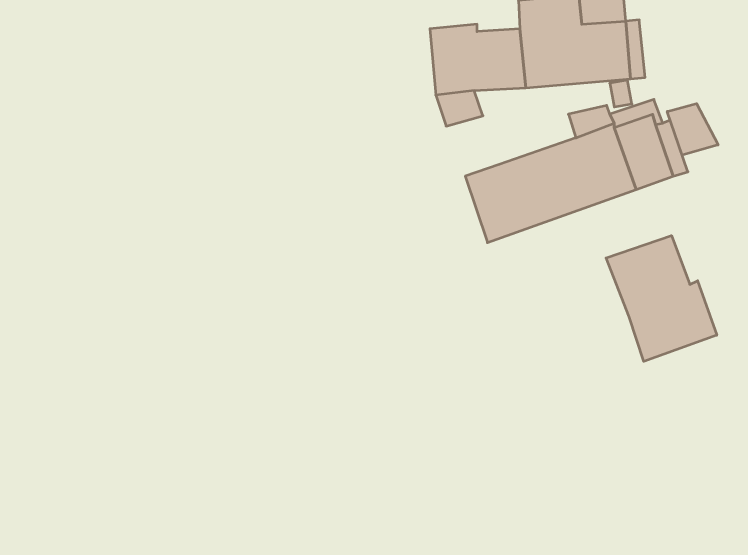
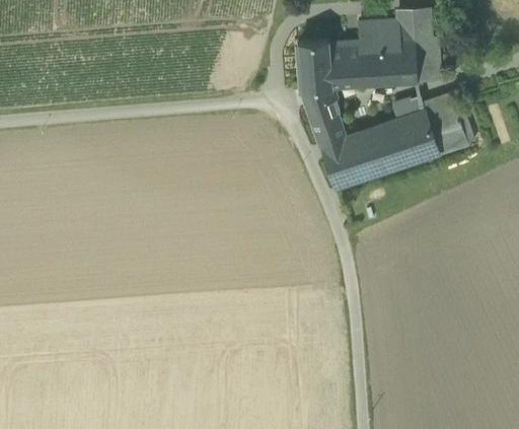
building: [667,104,718,155] -> none
building: none -> [307,103,344,145]
building: [606,236,717,361] -> none

